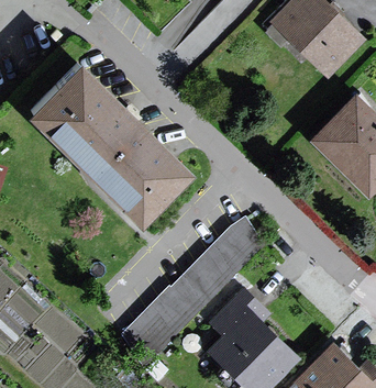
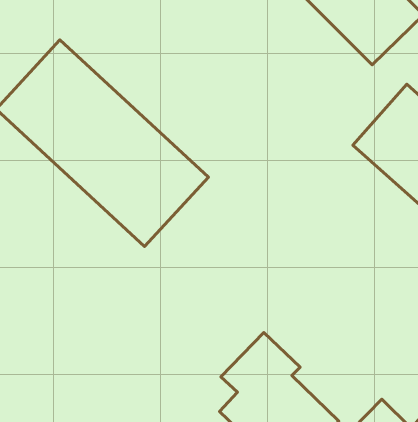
building: [125,212,265,352] -> none

